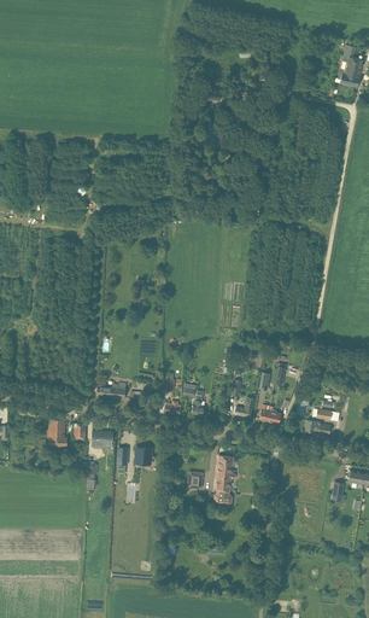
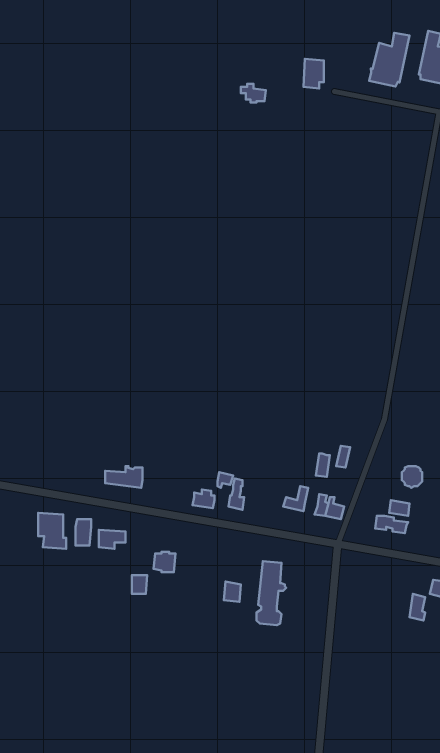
building: none -> [369,33,410,86]

